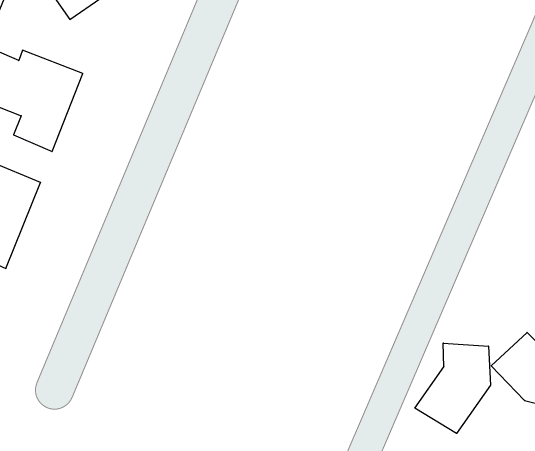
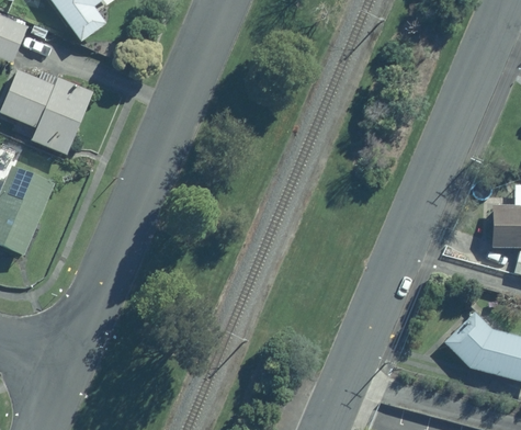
building: [415,343,490,433] -> none

